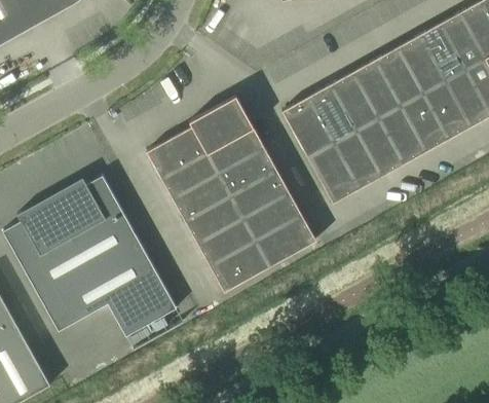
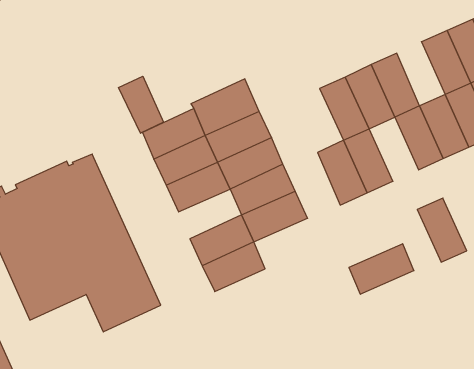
building: [372,47,419,106] -> none
building: [281,98,330,156] -> none
building: none -> [118,76,163,133]
building: [352,118,401,177] -> [417,198,467,262]
building: [185,196,242,245] -> none
building: [256,217,315,266] -> [349,244,414,294]

